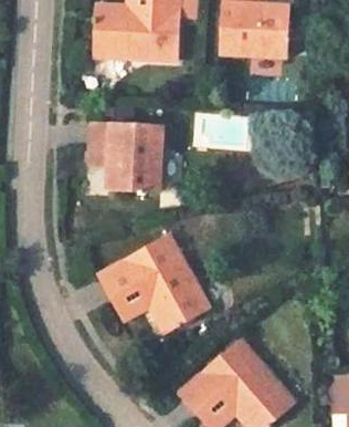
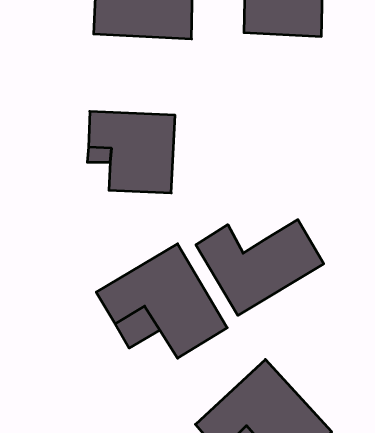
building: none -> [196,220,324,315]

